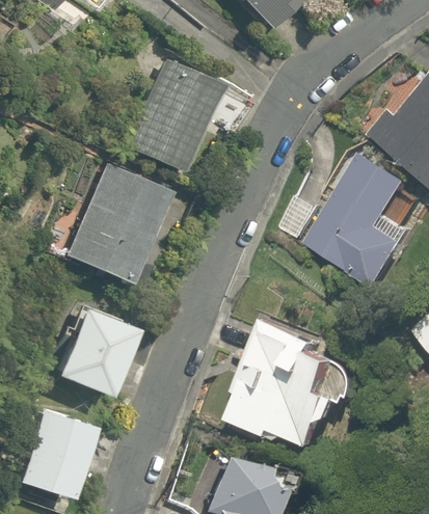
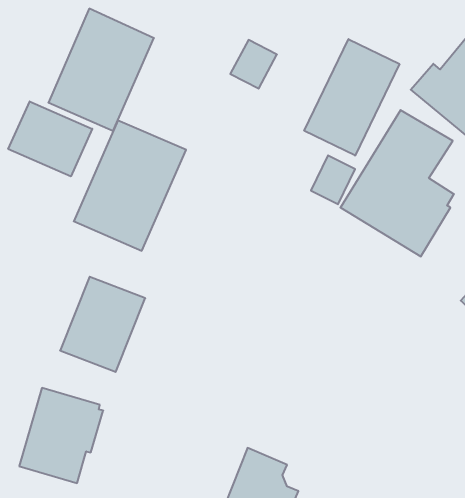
building: [127,60,223,172] -> [48,9,154,131]
building: none -> [304,39,399,156]
building: none -> [8,101,92,176]
building: [239,321,351,447] -> none

